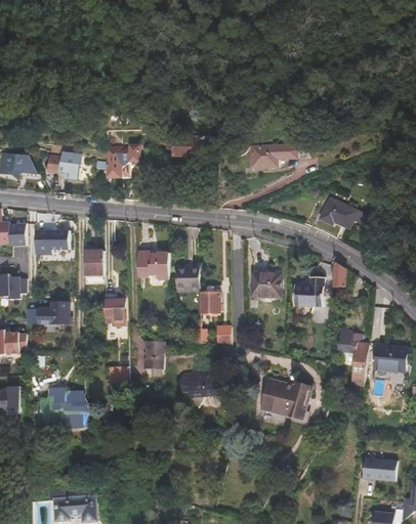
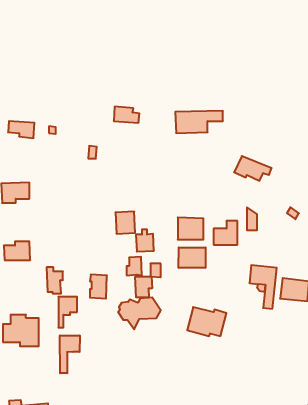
building: [105,143,138,196] -> none
building: [84,246,103,275] -> none
building: [136,248,167,279] -> none
building: [103,293,123,324] -> [47,267,63,294]
building: none -> [179,247,206,268]
building: none -> [135,277,152,298]
building: none -> [60,335,80,373]
building: [364,454,399,479] -> none

